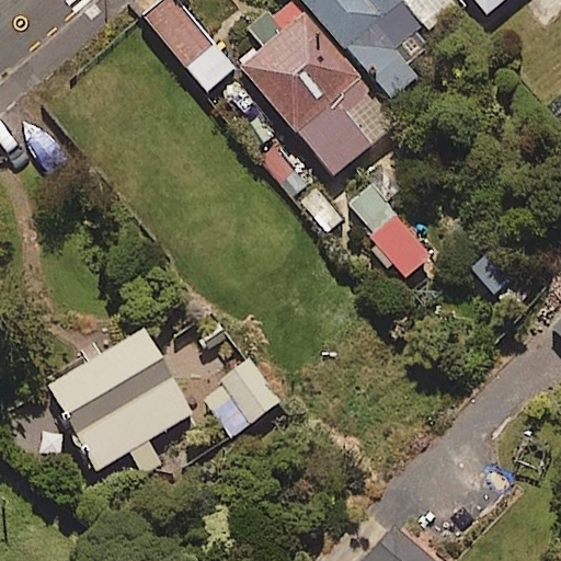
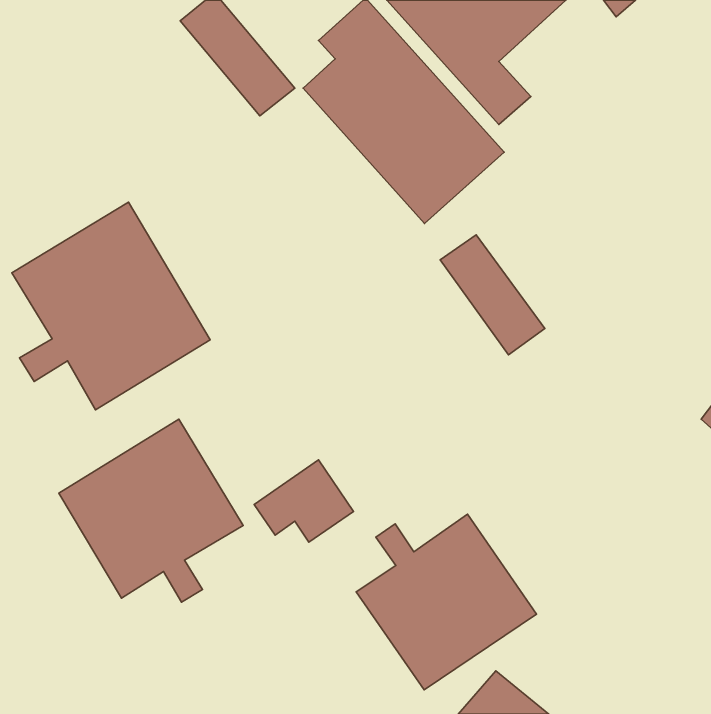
building: none -> [12,202,210,410]
building: none -> [356,514,536,690]

